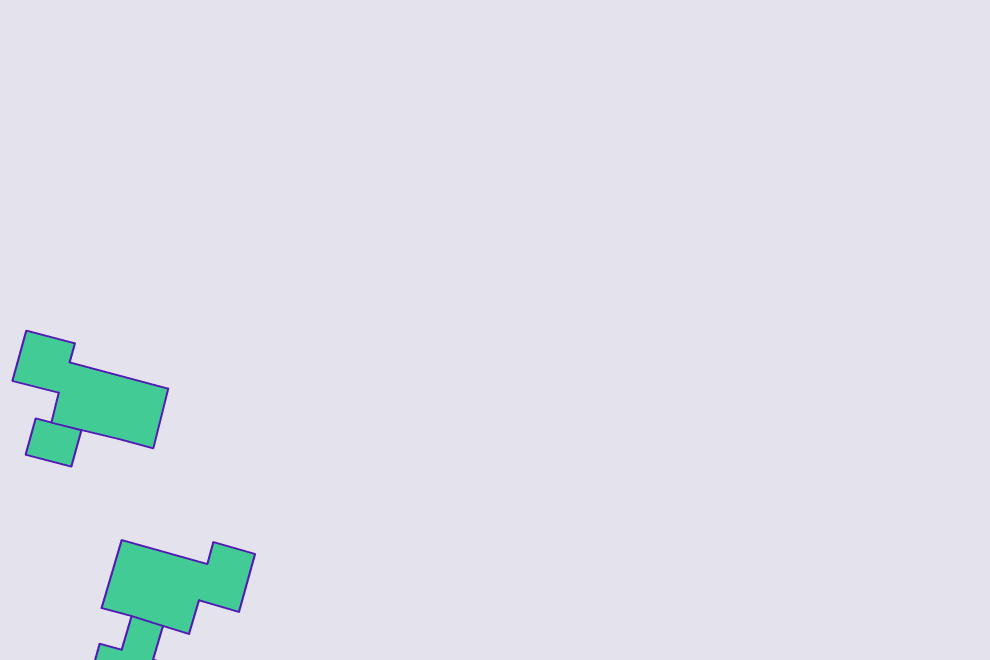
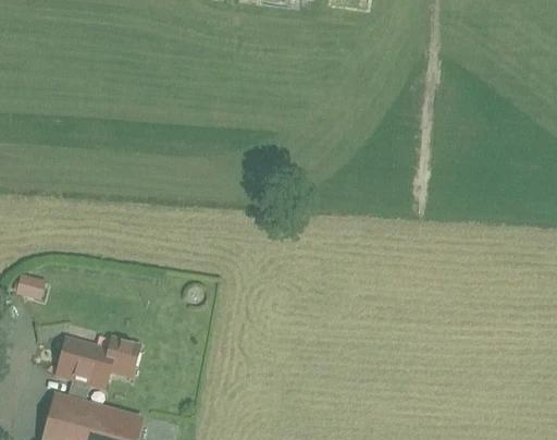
building: [13,331,168,448] -> none

